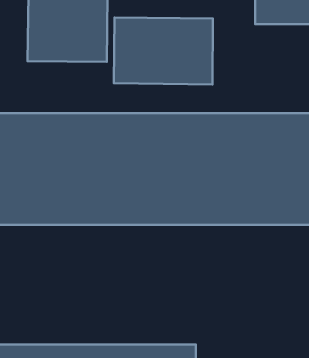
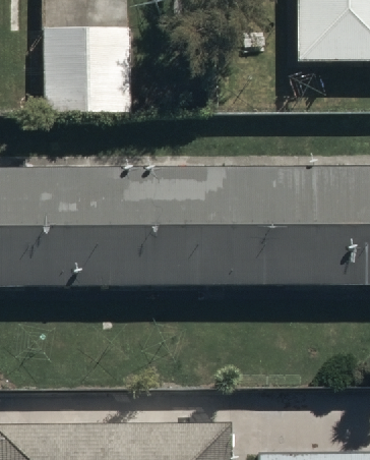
building: [114,17,213,84] -> none

